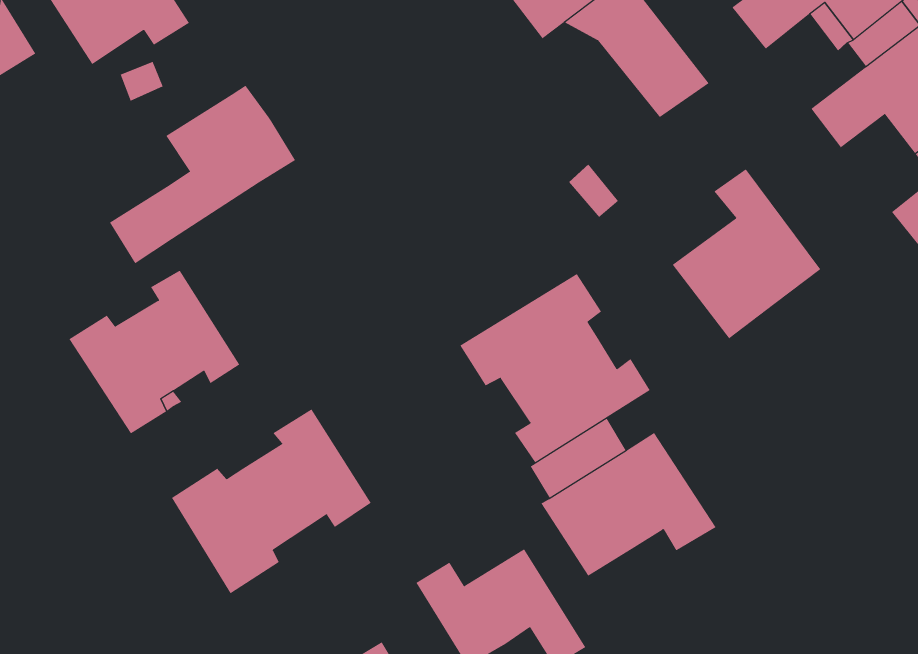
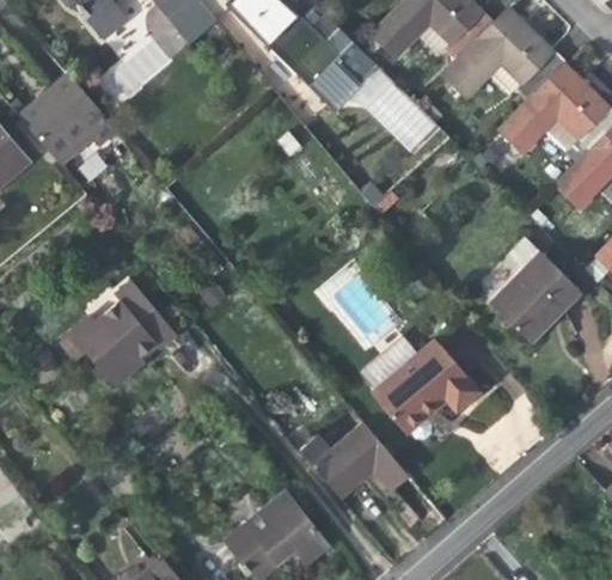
building: [109,85,296,264] -> none
building: [672,168,821,339] -> [490,237,581,342]
building: [459,273,651,463] -> none
building: [171,409,372,594] -> none

